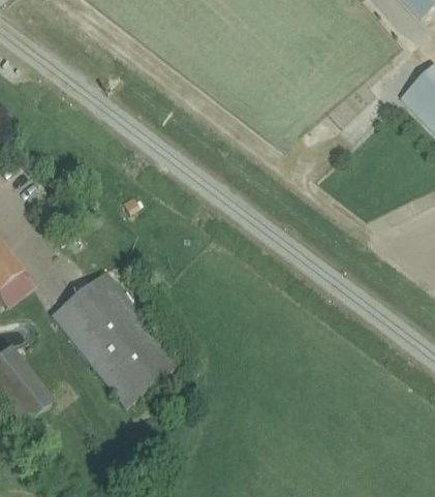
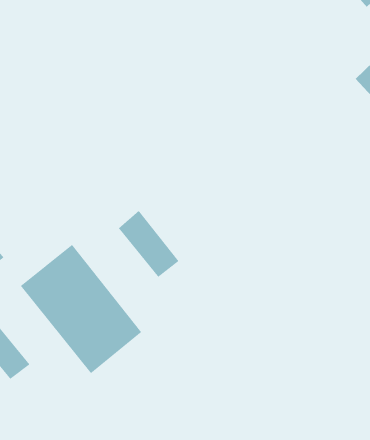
building: none -> [118,210,180,278]

